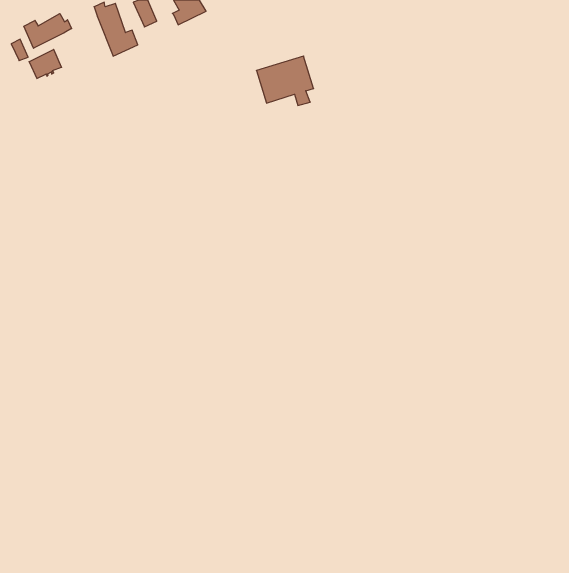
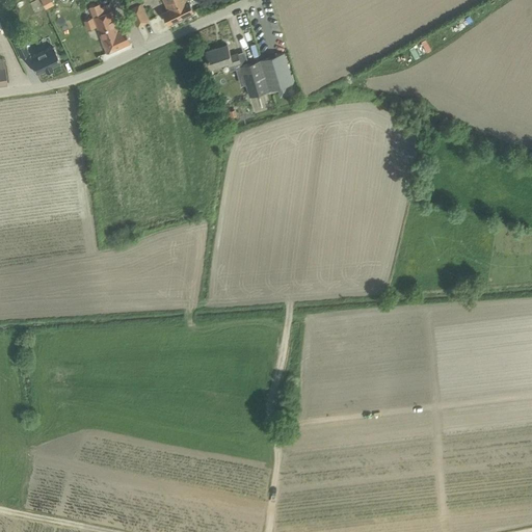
building: [24,14,72,48] -> none
building: none -> [204,46,238,68]

